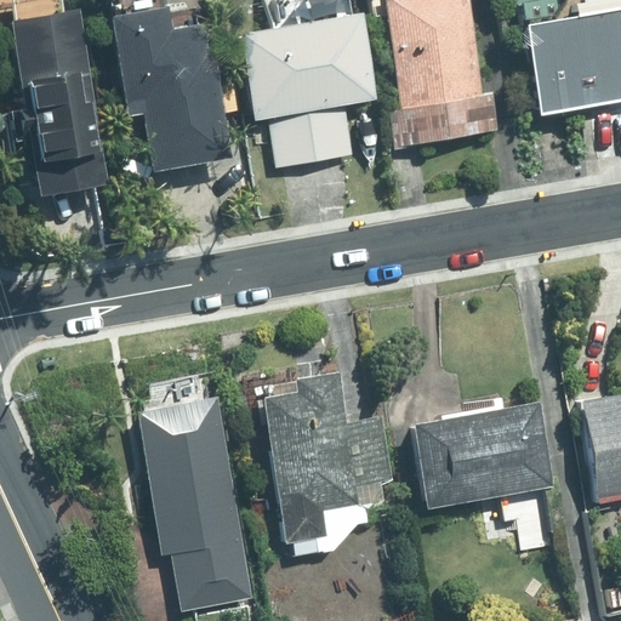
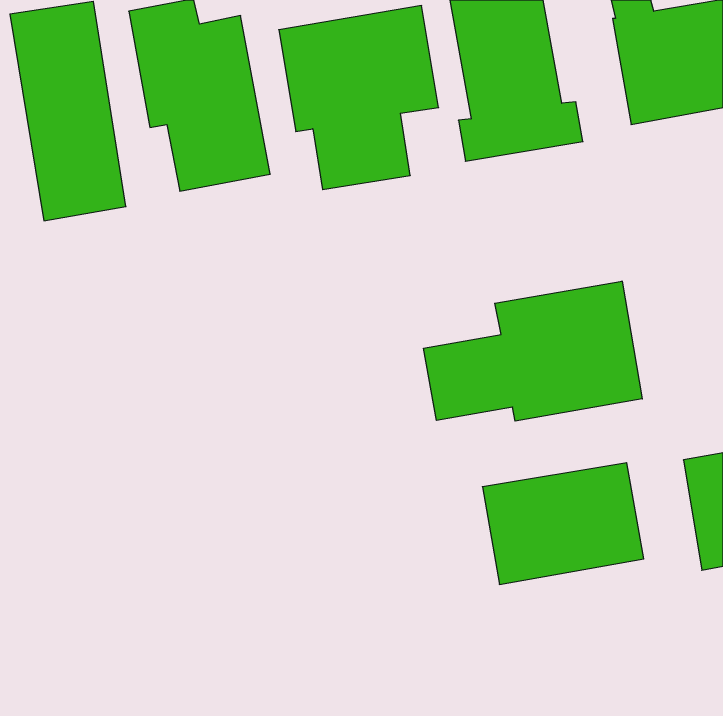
building: none -> [424,281,642,421]
building: [262,372,394,543] -> none
building: [139,398,253,615] -> none

